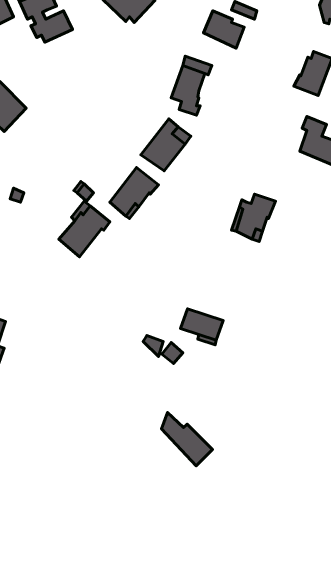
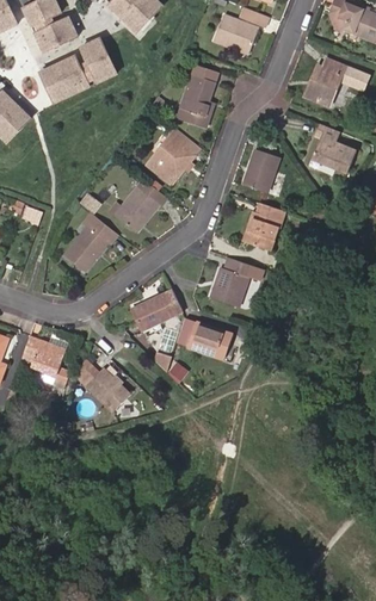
building: none -> [38,37,115,101]
building: none -> [241,149,277,193]
building: none -> [210,256,248,308]
building: none -> [129,292,181,333]
building: none -> [24,335,64,373]
building: [162,412,213,466] -> [78,358,130,413]

